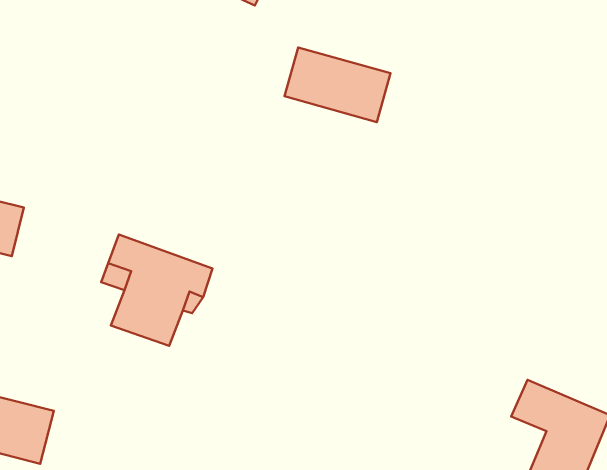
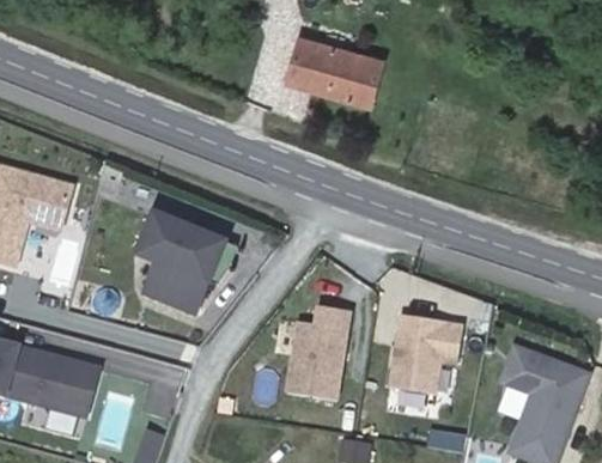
building: none -> [285,315,348,408]
building: none -> [385,324,462,401]

